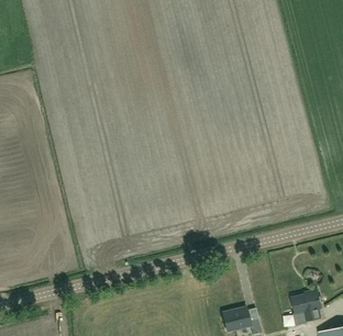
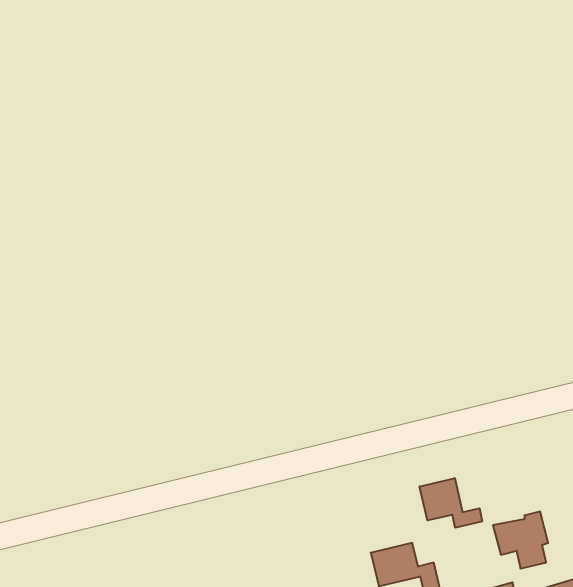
building: none -> [420,478,482,528]

